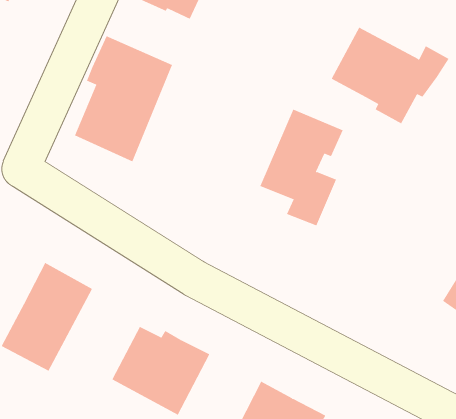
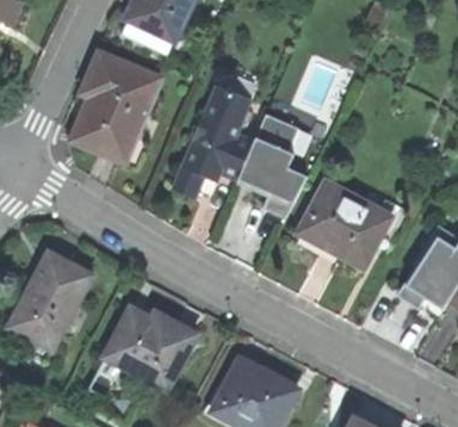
building: [331,27,449,124] -> [301,179,407,266]
building: none -> [172,82,254,194]

